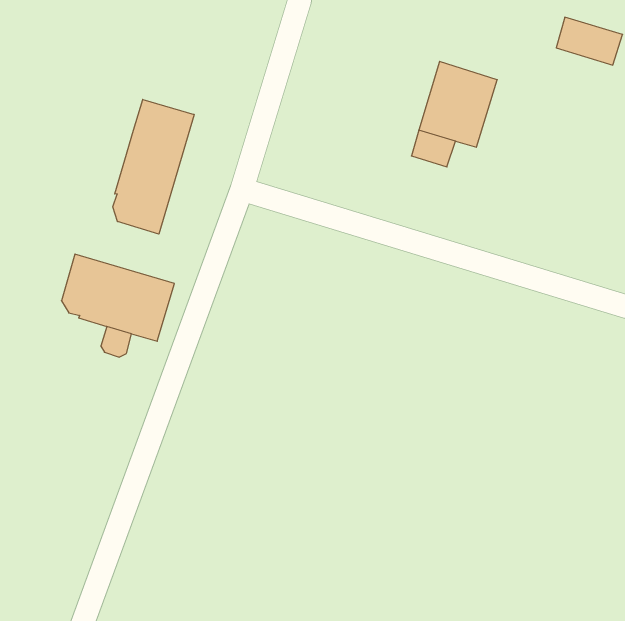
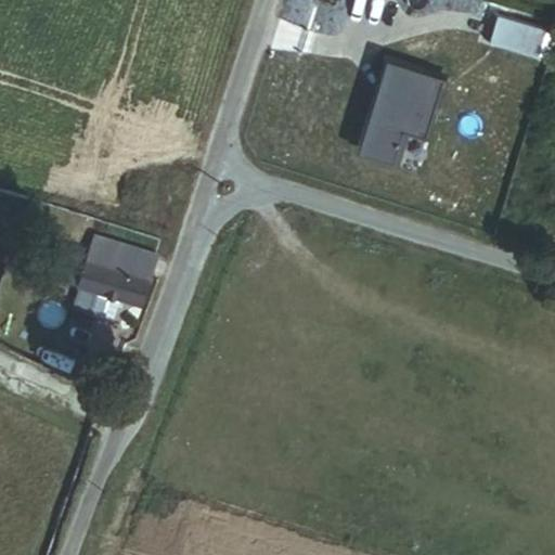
building: [113,99,194,234] -> none

